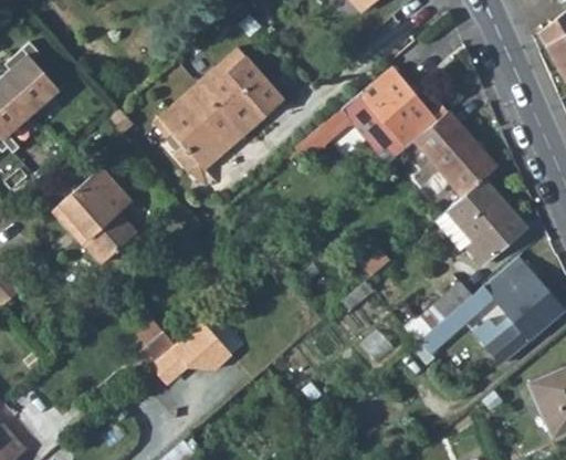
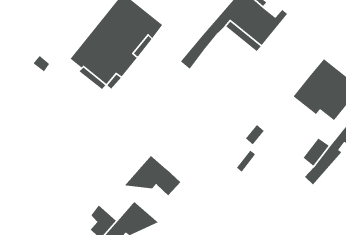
building: [415,111,497,198] -> none
building: [51,168,134,263] -> none
building: none -> [123,155,181,196]

